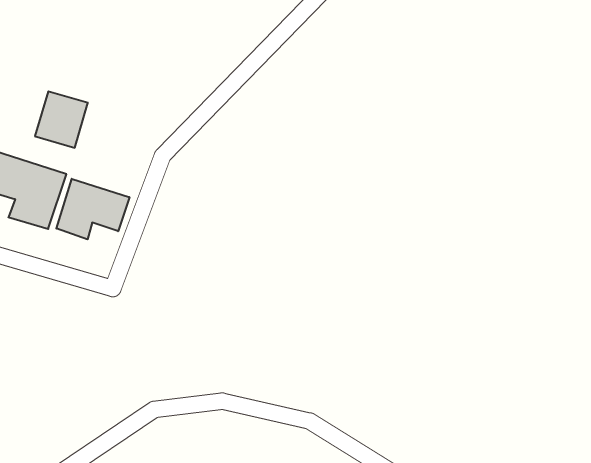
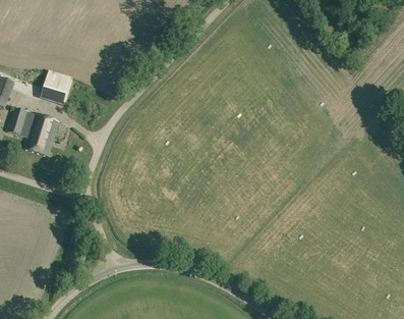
building: [56,179,129,239] -> none

